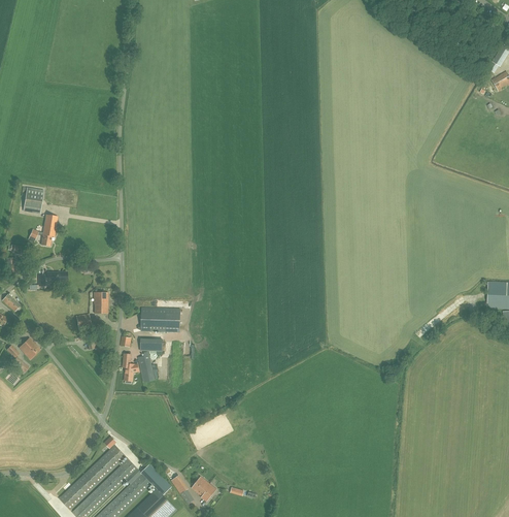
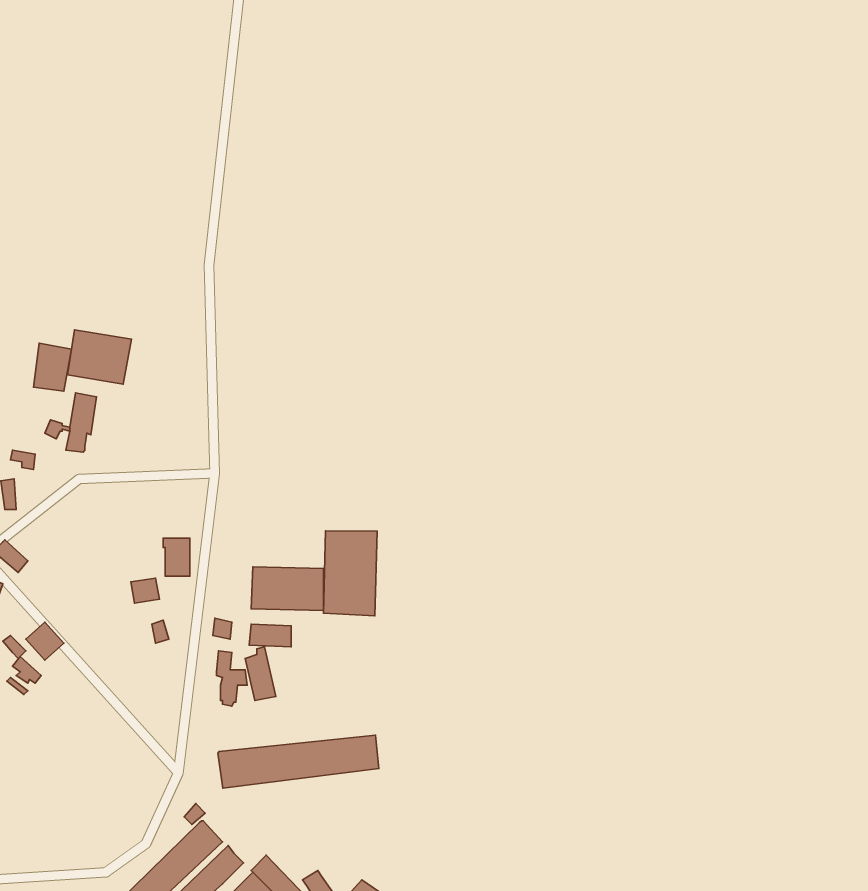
building: none -> [68,330,131,384]
building: none -> [324,531,377,616]
building: none -> [218,735,379,788]

